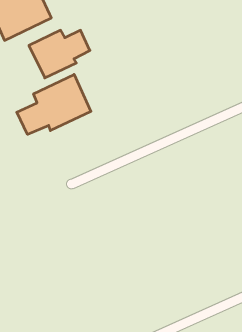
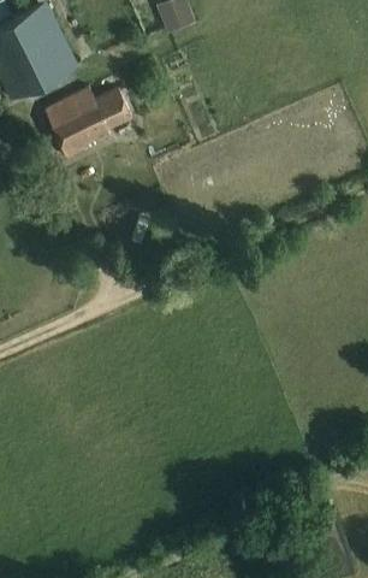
building: [17,74,91,134] -> none

